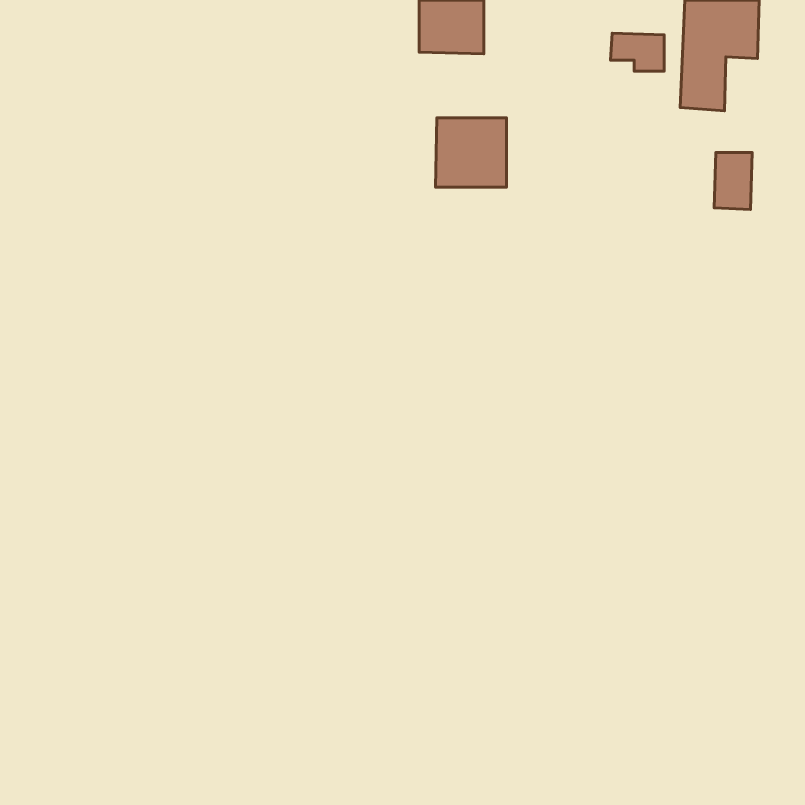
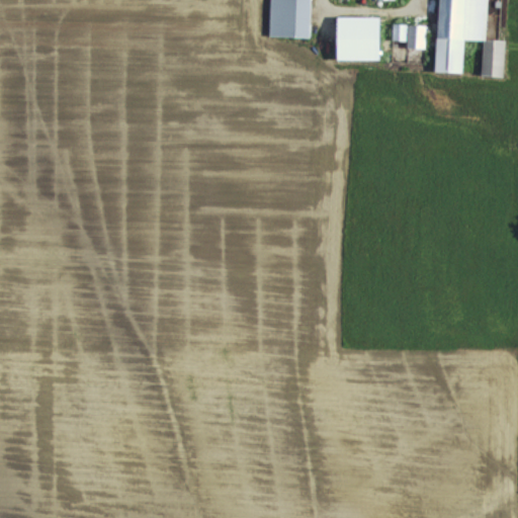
building: [435,118,507,187] -> [336,15,381,60]
building: [714,153,752,209] -> [481,39,505,76]

